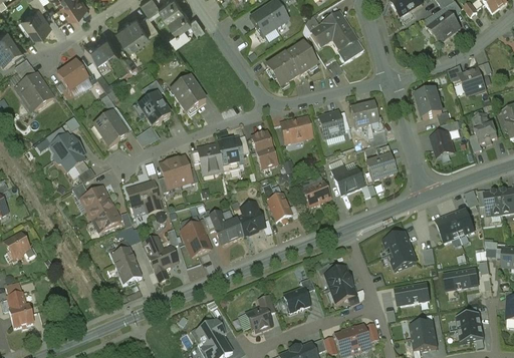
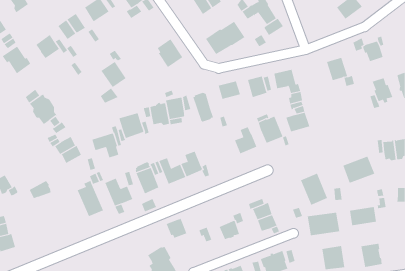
building: [173,76,205,112] -> [157,39,183,68]
building: [94,112,126,145] -> none
building: [431,132,455,157] -> none
building: [264,188,291,222] -> none
building: [92,209,120,232] -> [29,180,52,199]
building: [245,308,271,333] -> [166,218,187,239]

